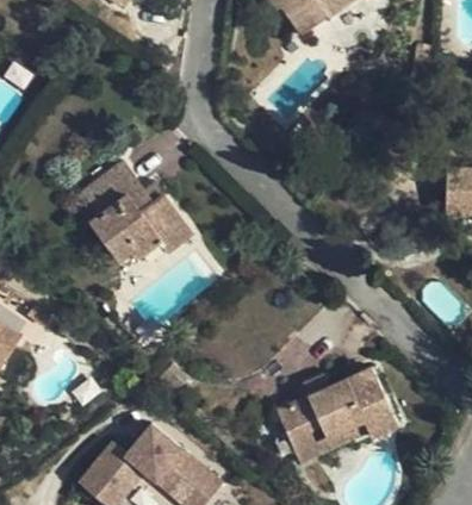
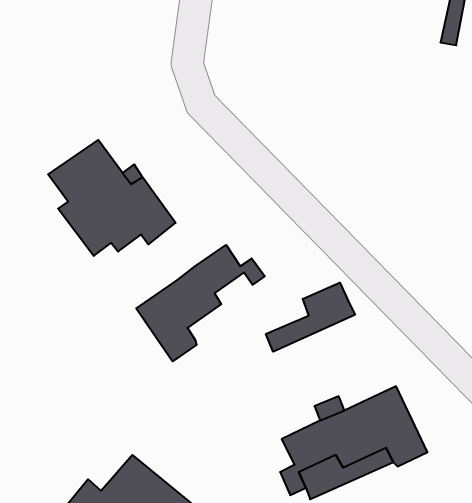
building: none -> [136,245,265,361]
building: none -> [266,283,355,352]

